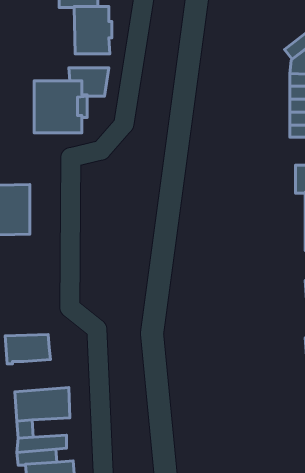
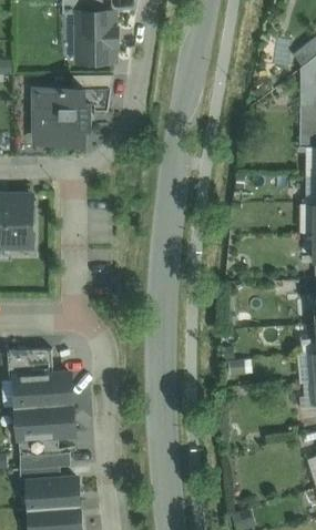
building: none -> [14,376,72,410]

